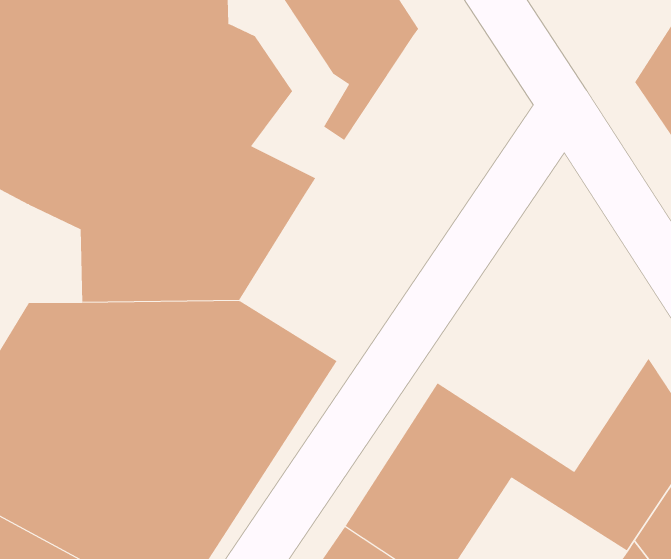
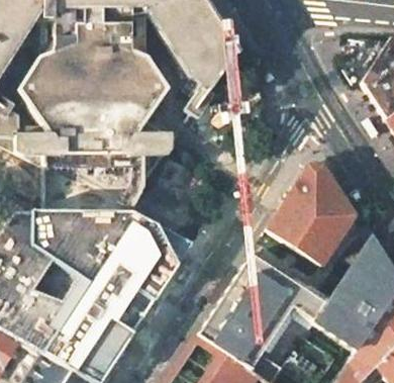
building: none -> [266,165,355,265]

